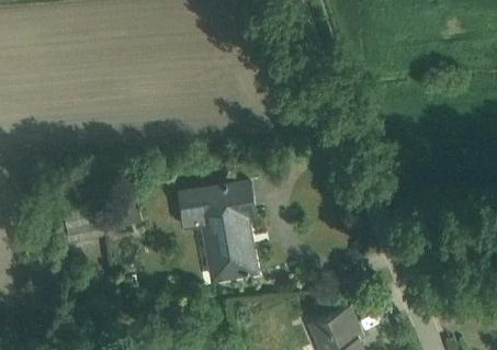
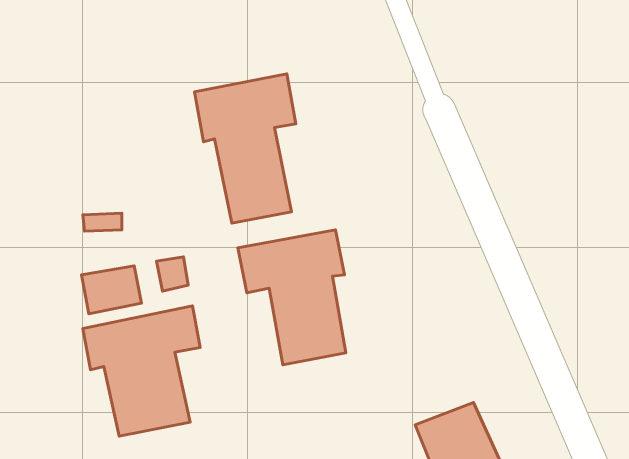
building: none -> [194,74,296,223]
building: none -> [83,306,200,436]

